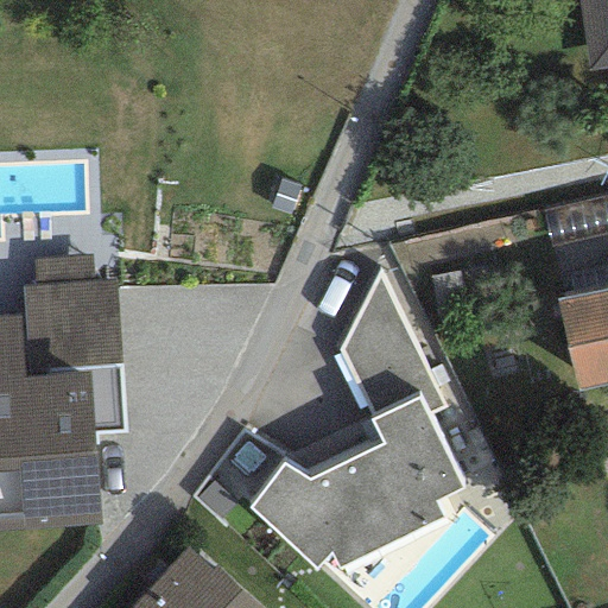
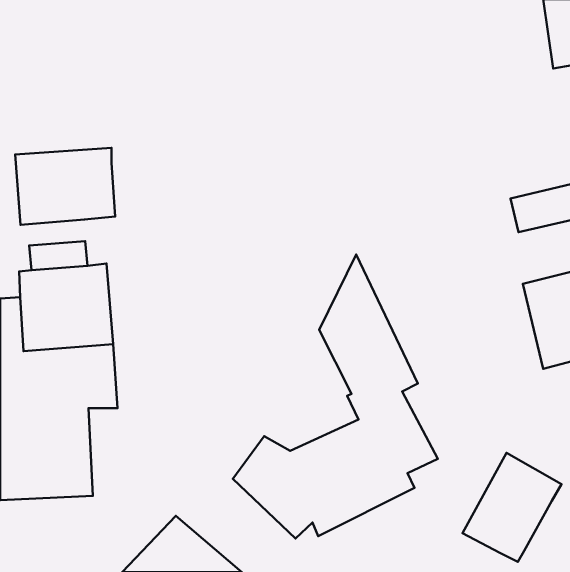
building: none -> [15,148,115,225]
building: none -> [463,453,562,562]

